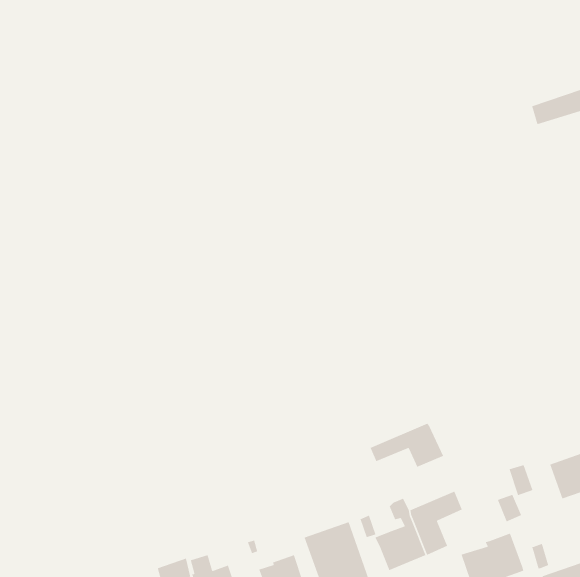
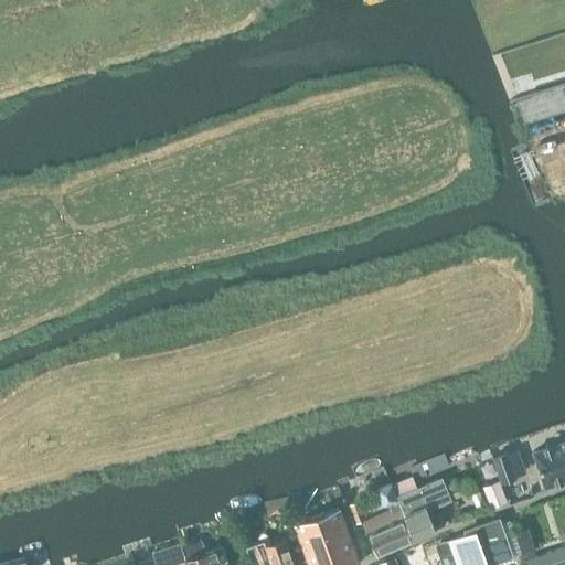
building: [369,423,444,468] -> none

